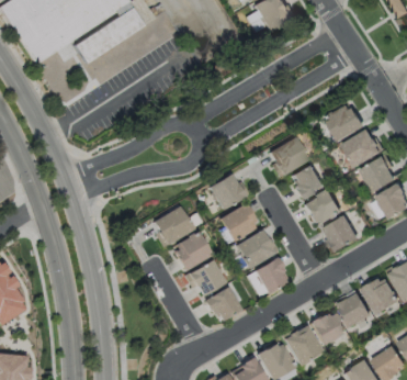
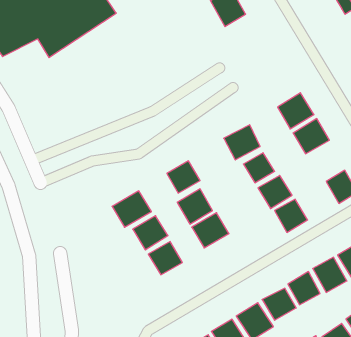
building: [363,158,397,192] -> none
building: [246,260,286,298] -> none
building: [205,287,240,322] -> none

